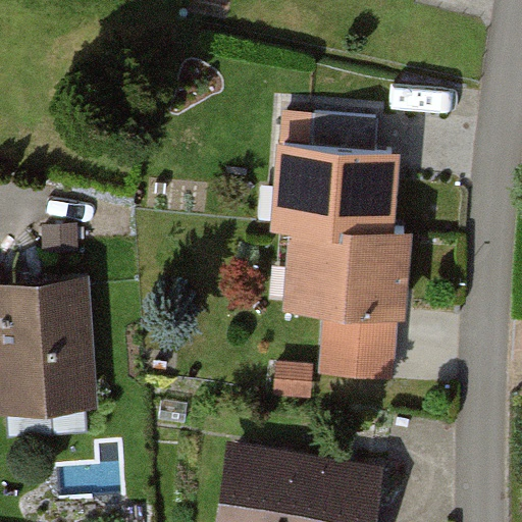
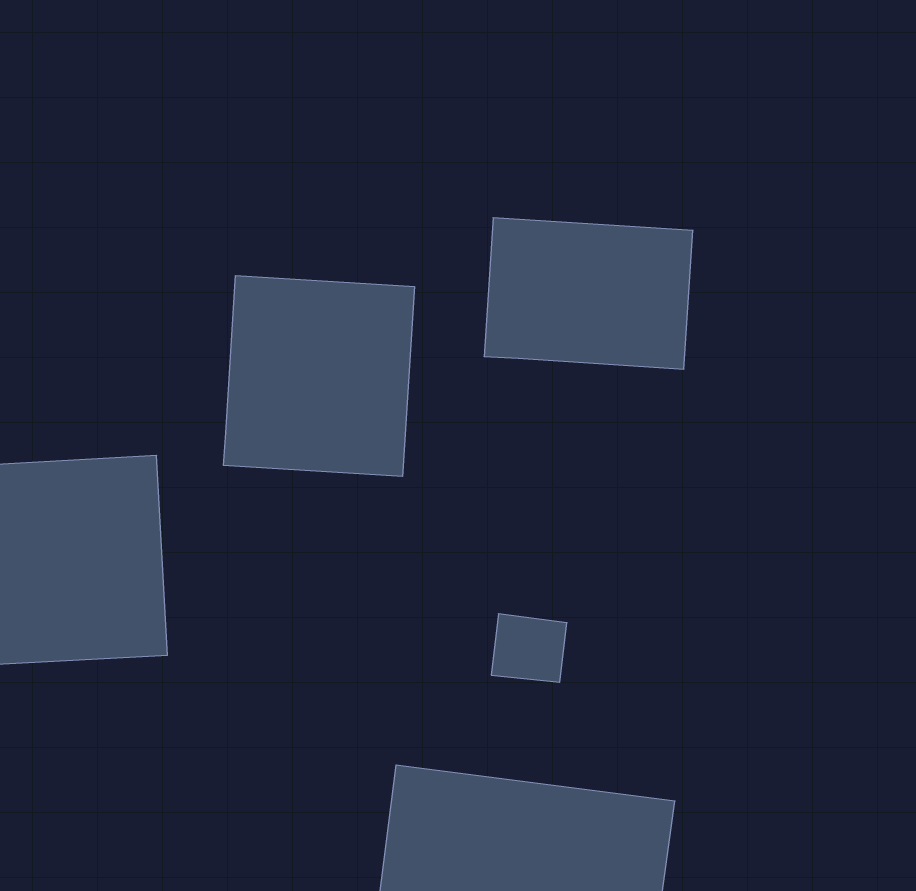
building: none -> [223,276,414,476]
building: [289,219,405,365] -> none

